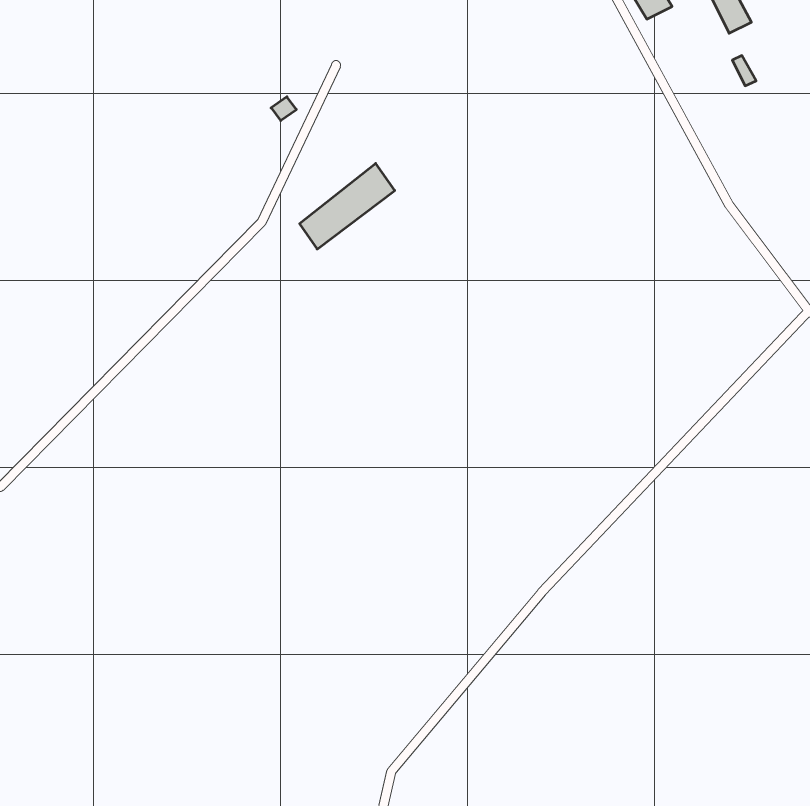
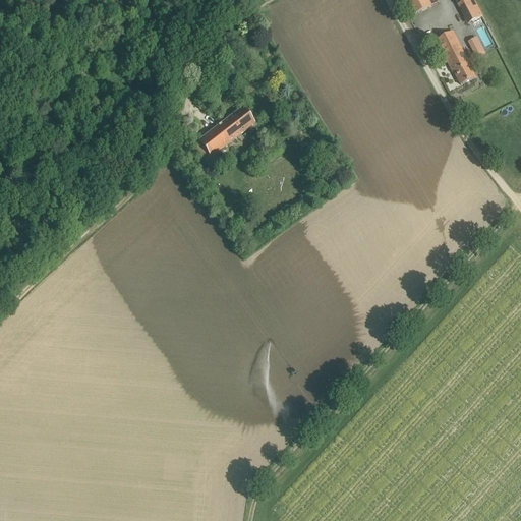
building: none -> [437,30,475,82]

